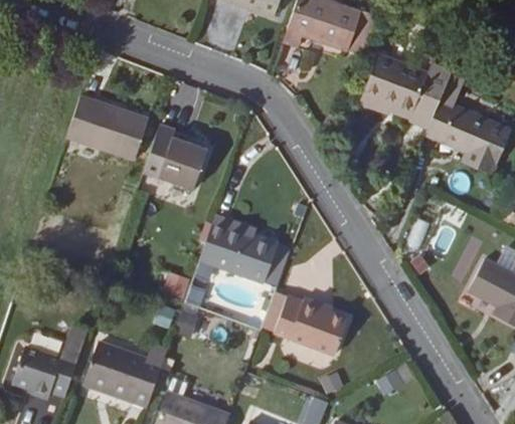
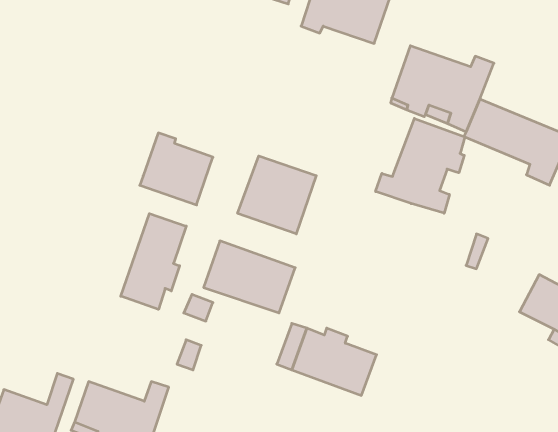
building: [62,95,143,160] -> none
building: none -> [376,118,465,213]
building: none -> [238,156,316,234]
building: none -> [121,214,186,309]

